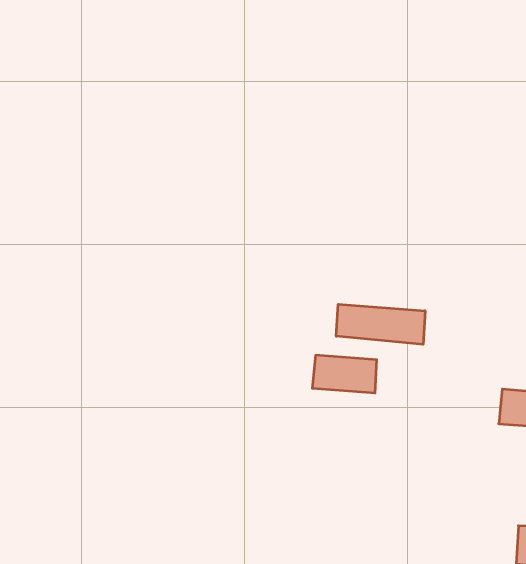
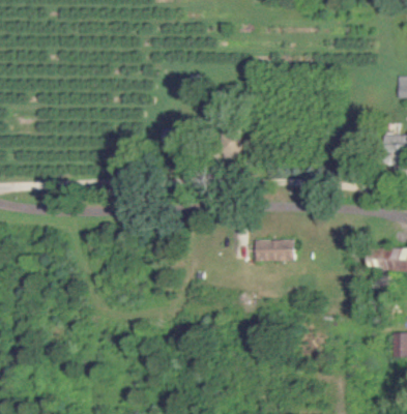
building: [336,304,425,344] -> none

